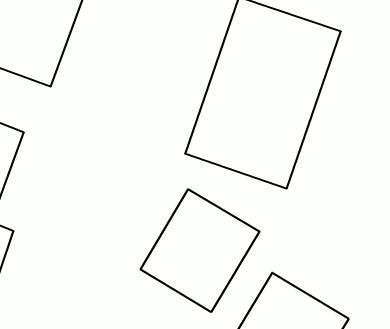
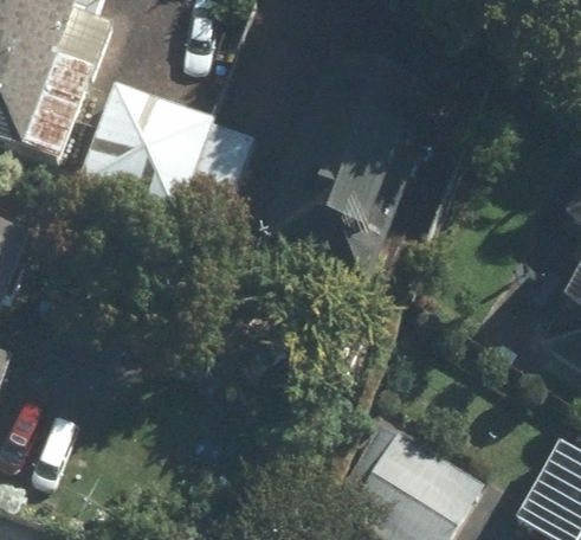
building: none -> [75,79,254,198]
building: [141,189,260,312] -> none

